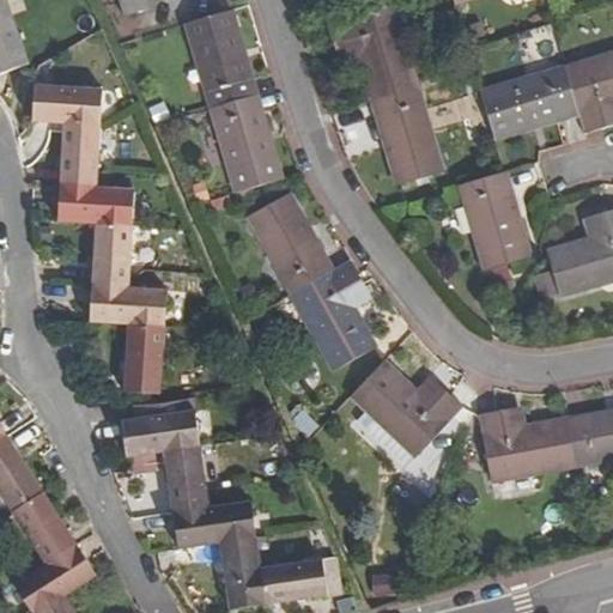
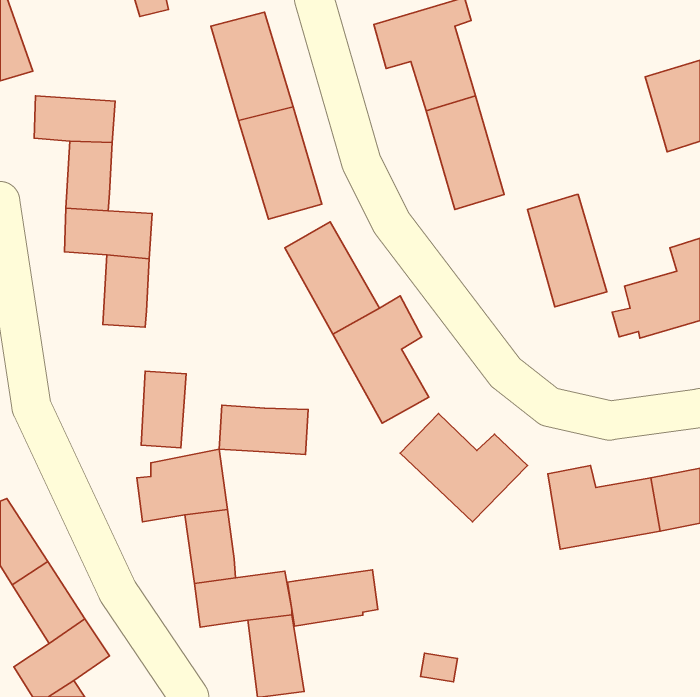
building: [480,67,577,135] -> none
building: [87,284,165,327] -> [219,405,308,455]
building: [260,556,339,605] -> [288,570,378,626]

